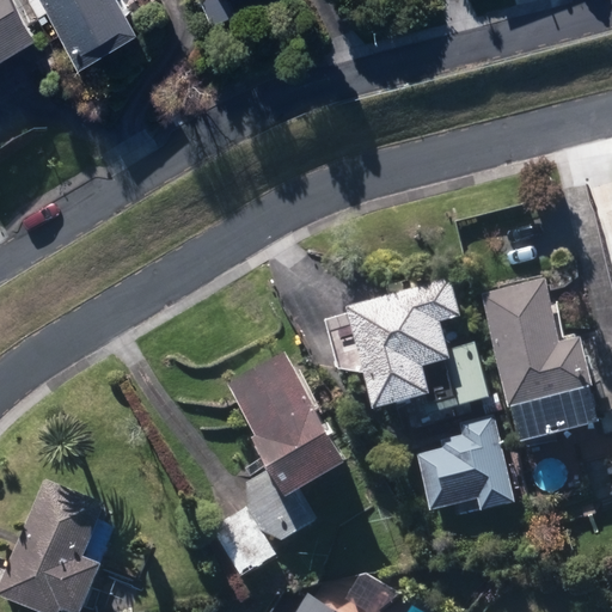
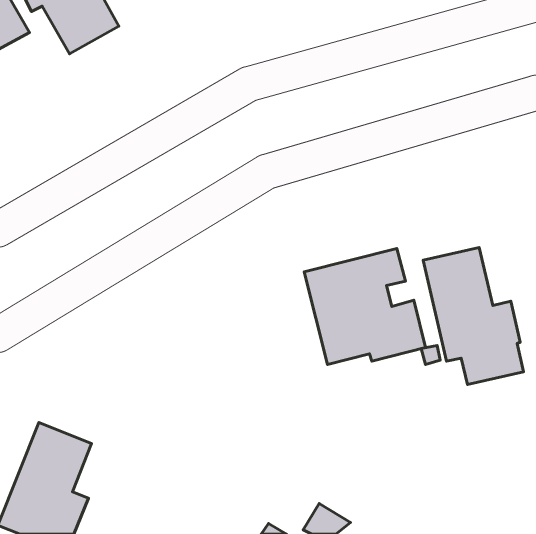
building: [216,355,342,575] -> none
building: [414,415,510,506] -> none

